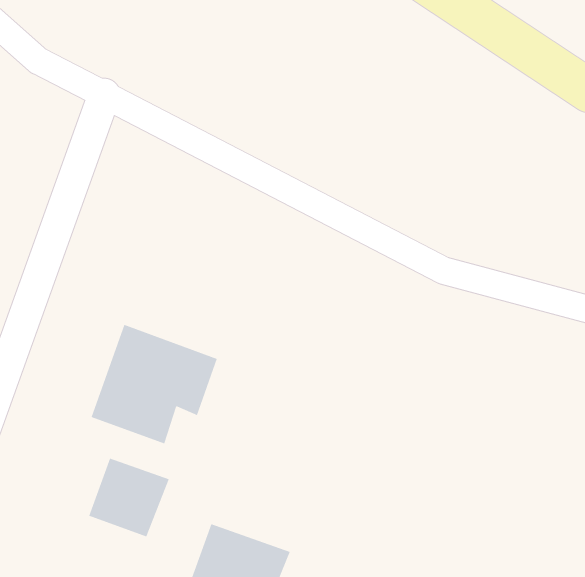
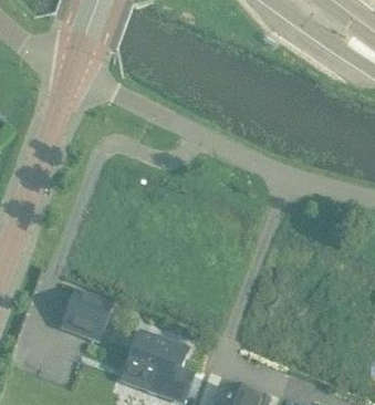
building: [90,324,218,444] -> none

